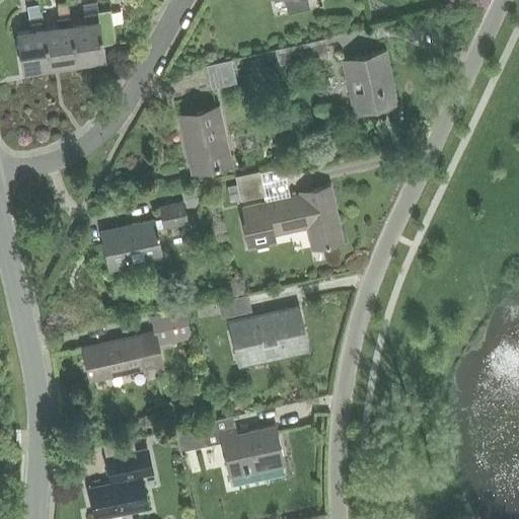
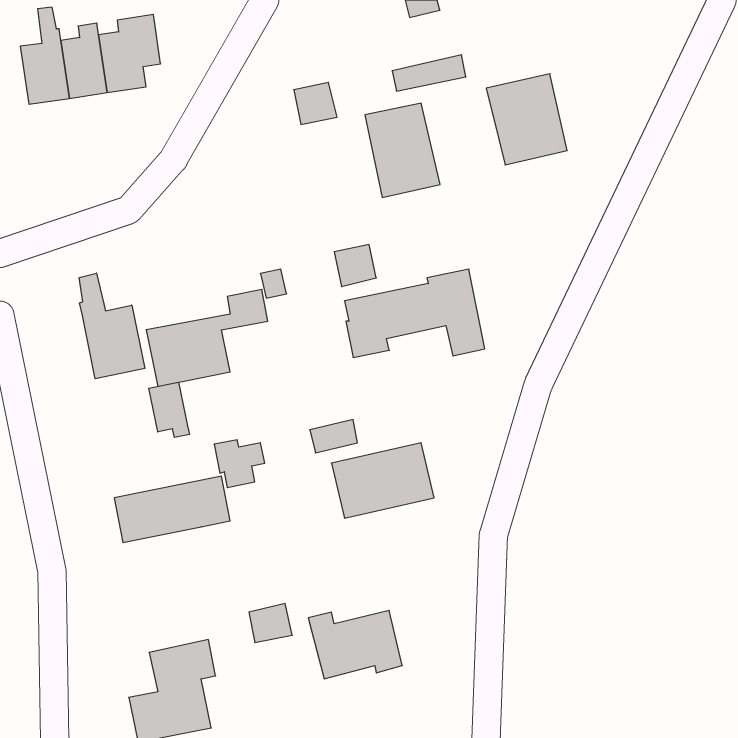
building: [178,107,231,173] -> [365,103,440,197]
building: none -> [79,273,145,379]
building: none -> [149,382,190,437]

